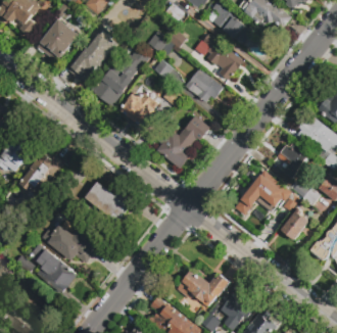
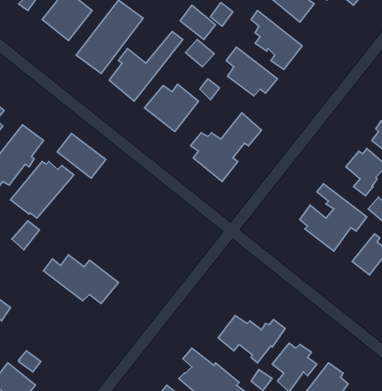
building: [87,182,125,217] -> [57,133,106,178]
building: [31,244,79,293] -> none

